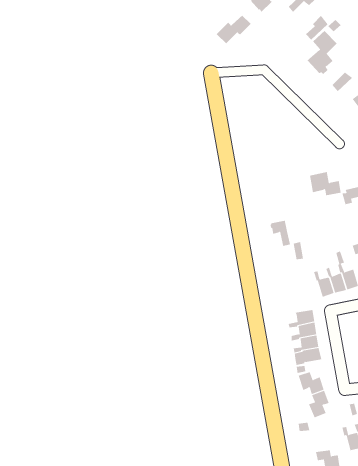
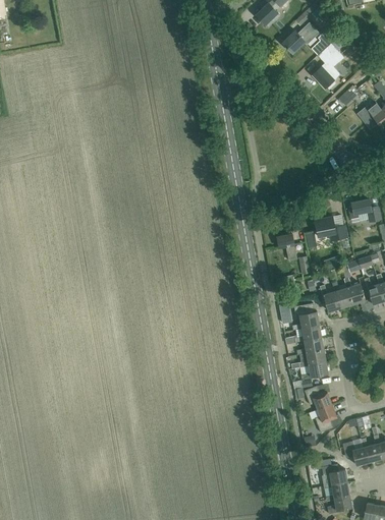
building: [216,15,251,44] -> [283,23,319,53]
building: [309,171,342,196] -> [315,216,347,240]
building: none -> [292,303,320,330]

